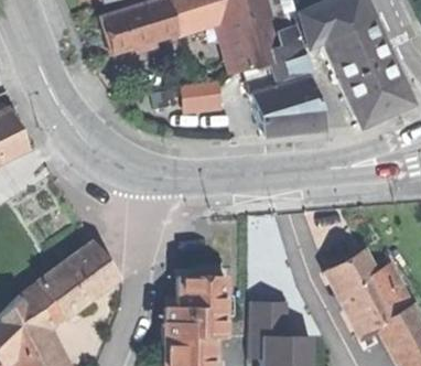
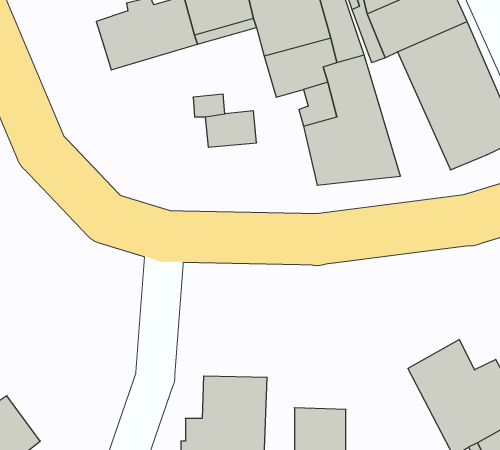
building: [39,249,117,322] -> none

